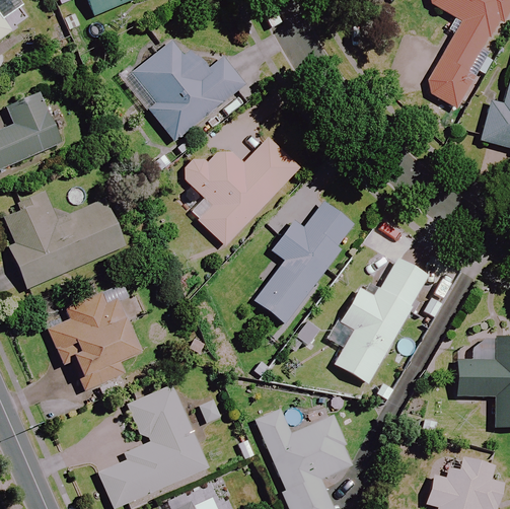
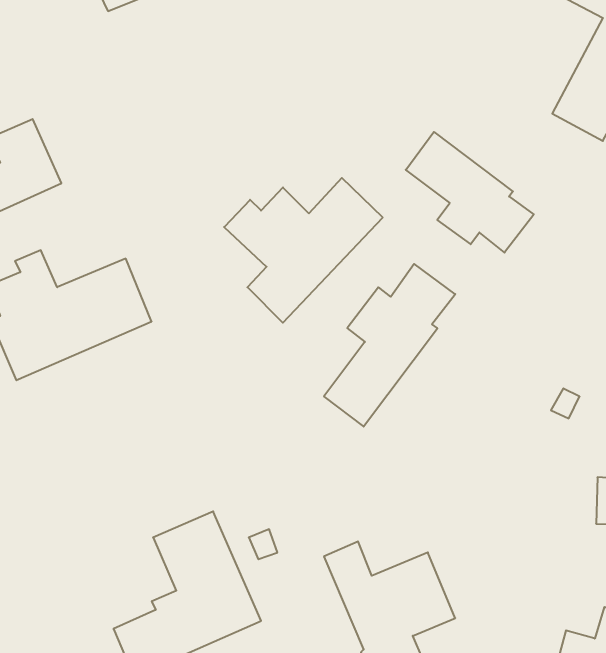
building: [118,40,244,141] -> none
building: none -> [406,132,534,253]
building: [334,258,428,383] -> none
building: [49,294,140,388] -> none

